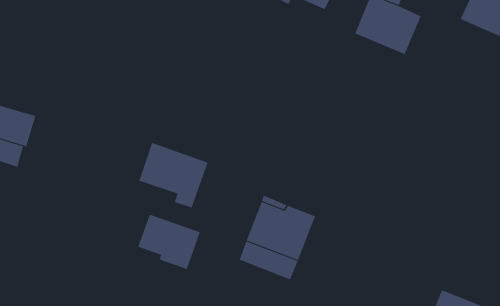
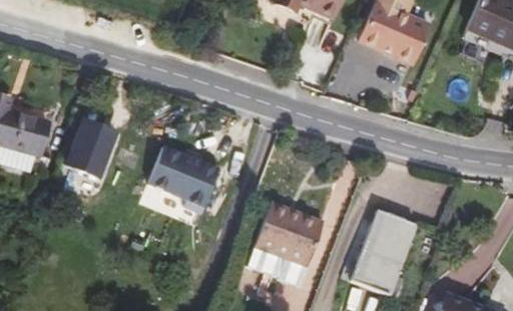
building: none -> [64,119,115,178]
building: none -> [351,209,416,297]
building: [138,214,201,270] -> none

